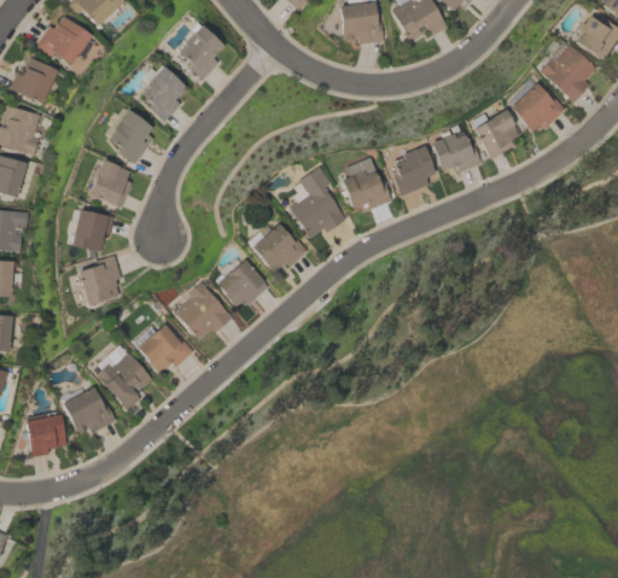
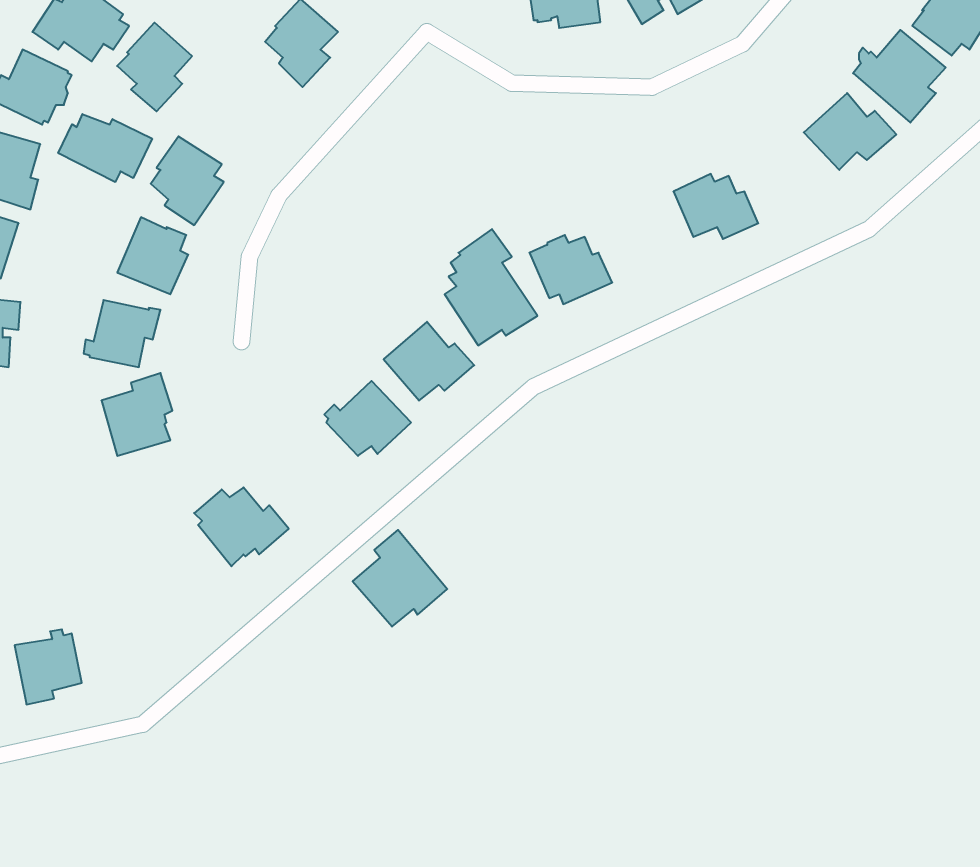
building: [140,66,186,121] -> [117,23,192,111]
building: none -> [58,114,152,182]
building: [468,109,519,158] -> none
building: [392,146,433,195] -> none
building: [174,280,232,339] -> [353,530,447,627]
building: [95,344,152,410] -> none
building: [60,385,116,432] -> none

